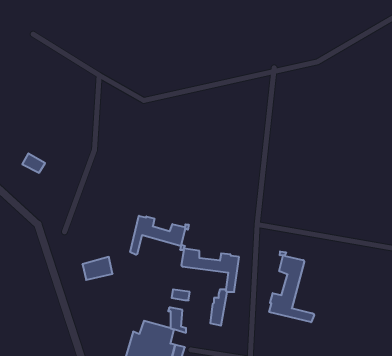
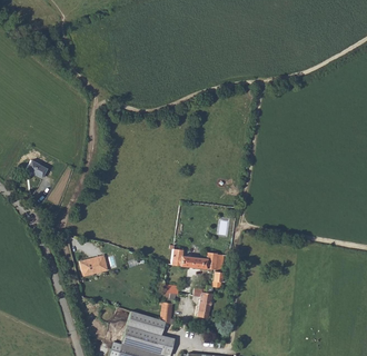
building: [130,216,189,255] -> none
building: [269,251,314,322] -> none

